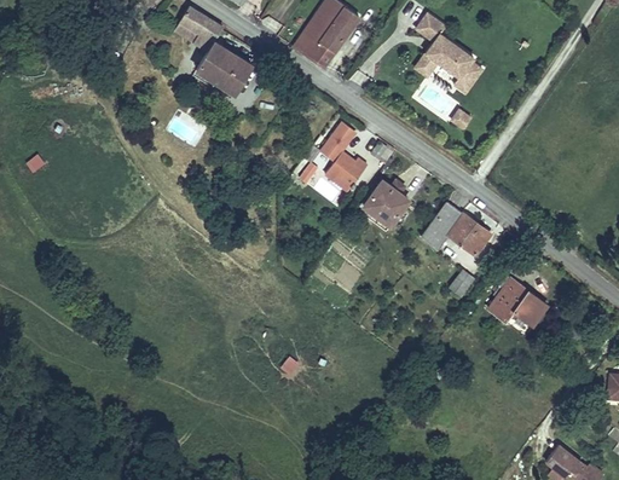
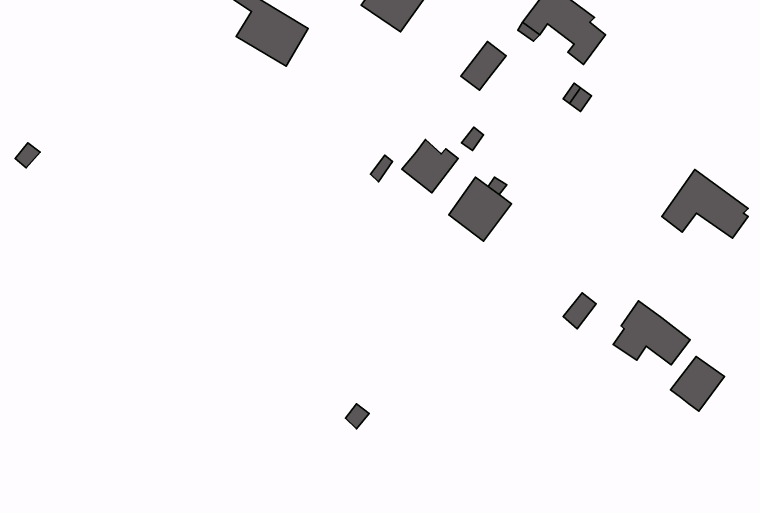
building: [320,123,355,161] -> [461,42,506,90]
building: [421,202,487,255] -> [662,169,748,238]
building: none -> [670,356,724,411]

